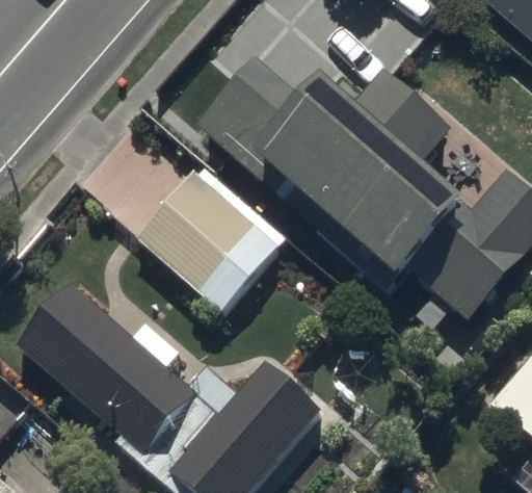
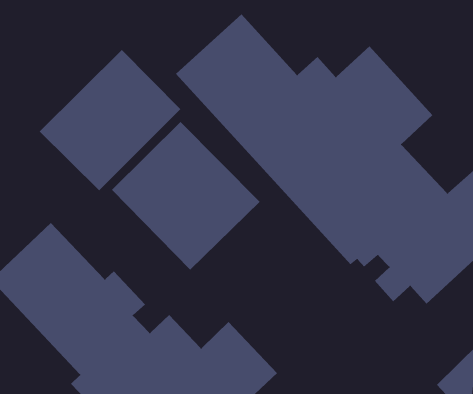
building: none -> [39,49,181,191]

